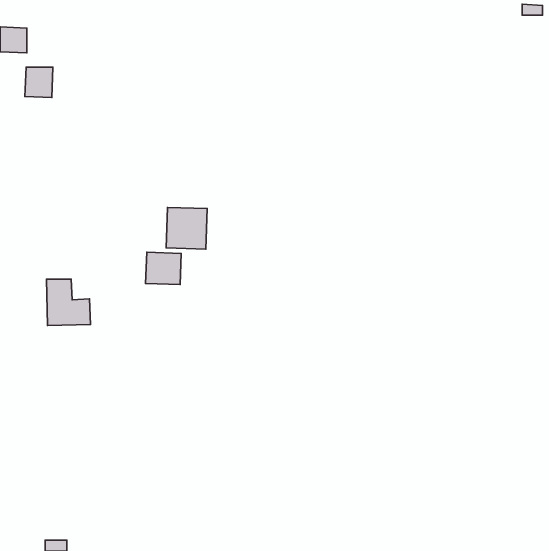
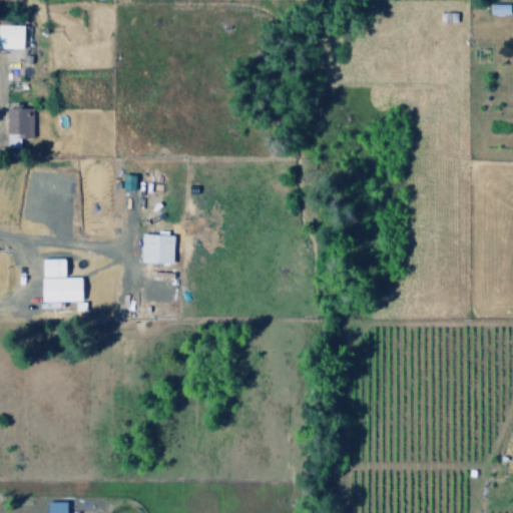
building: [25,67,53,97] -> [8,109,34,137]
building: [166,207,207,249] -> none

